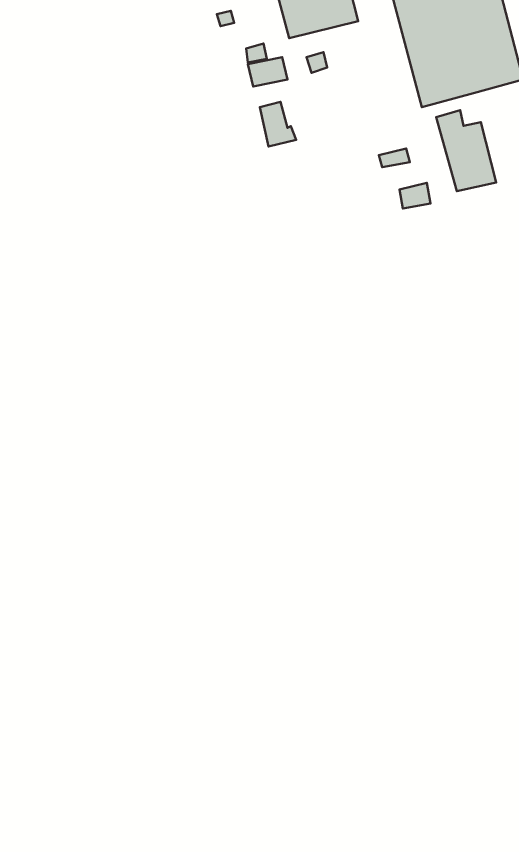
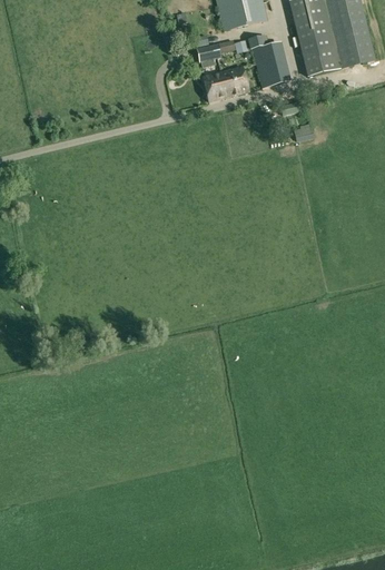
building: none -> [217,66,247,96]
building: [436,110,496,191] -> [249,35,288,87]

